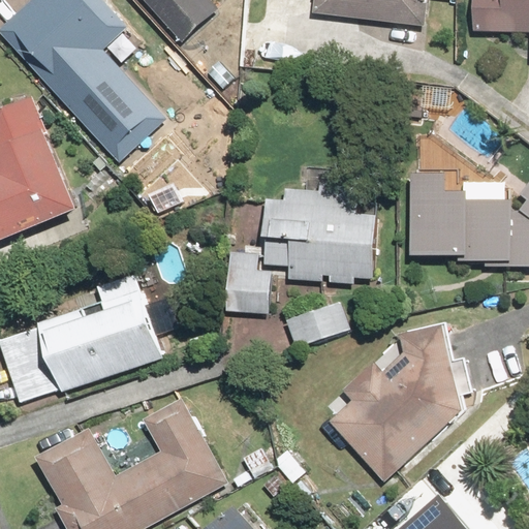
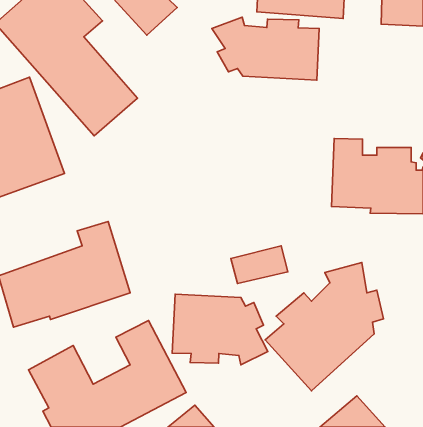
building: none -> [212,17,319,80]
building: [225,187,378,312] -> none
building: none -> [172,294,268,365]

